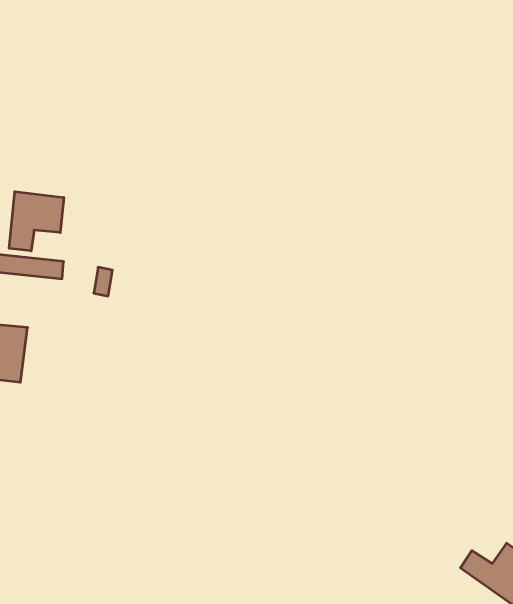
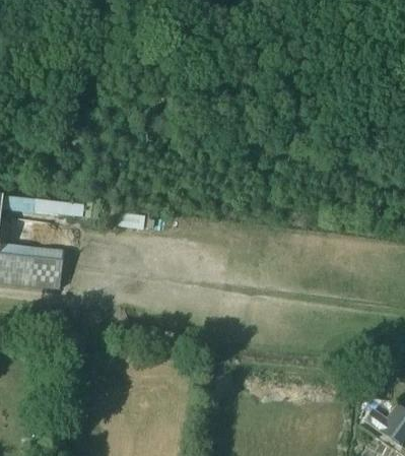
building: [9,192,64,251] -> none

